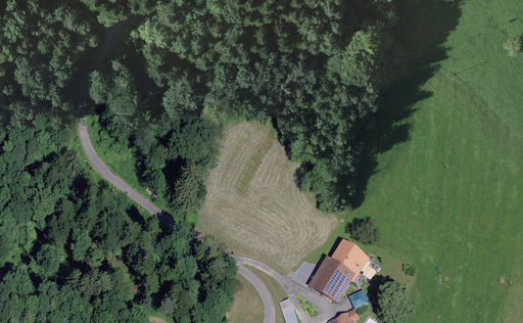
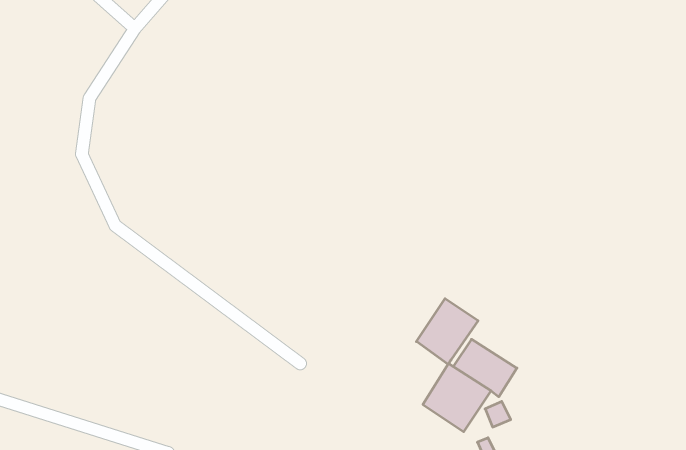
building: none -> [416,299,478,364]

